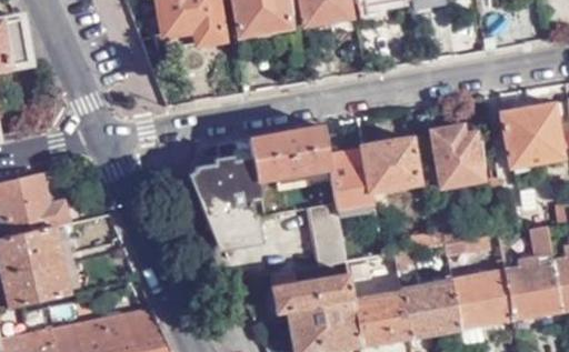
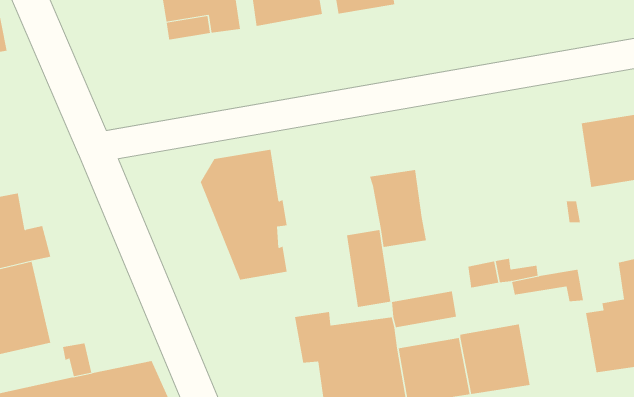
building: [249,124,331,179] -> none
building: [431,127,483,188] -> none
building: [366,140,418,192] -> none
building: [451,270,513,329] -> none

